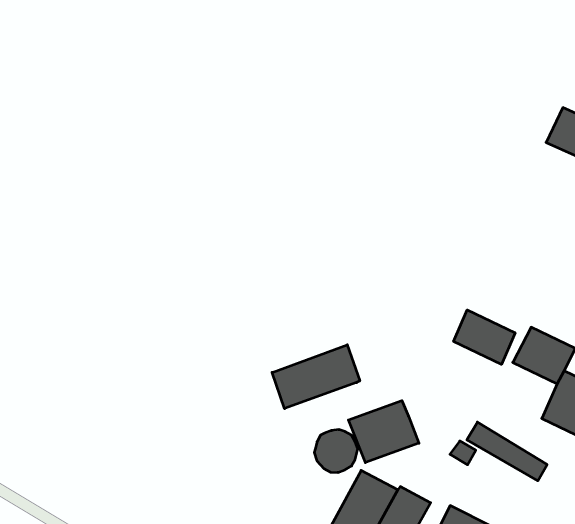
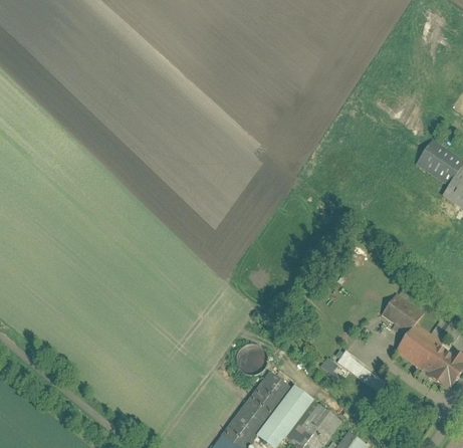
building: [454,310,515,364] -> none
building: [272,345,360,409] -> none
building: [348,401,419,463] -> none

